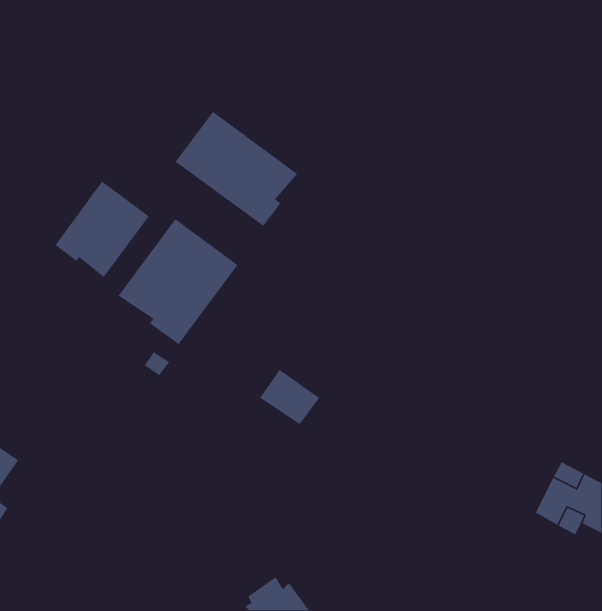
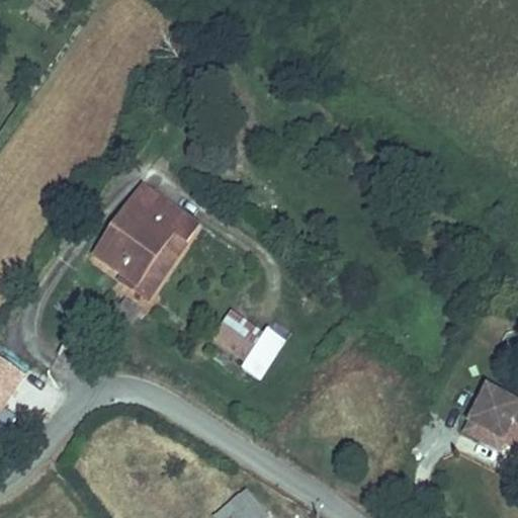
building: [175,111,298,227] -> none
building: [54,180,150,278] -> none

